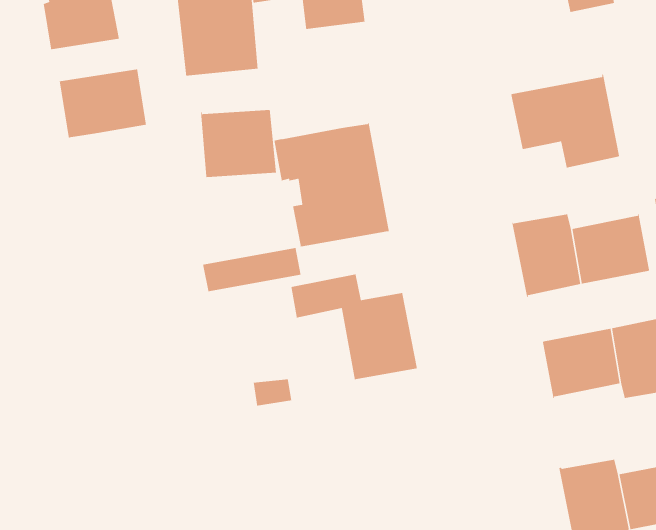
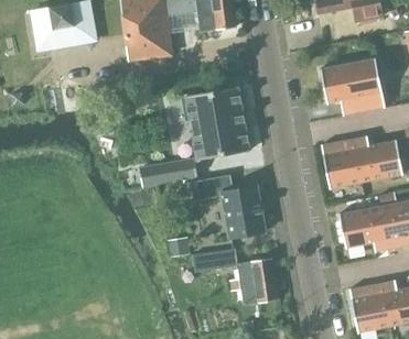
building: [59,69,147,139] -> none
building: [200,109,277,180] -> none
building: none -> [192,249,278,305]

